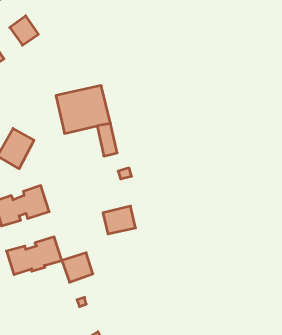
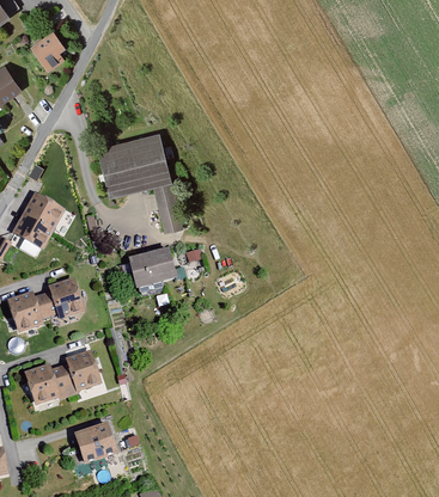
building: [103,206,136,234] -> [129,245,176,284]
building: [62,253,93,282] -> [73,421,117,462]

